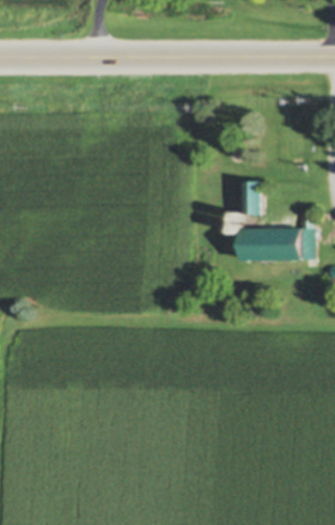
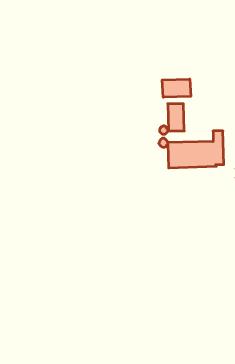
building: none -> [162,79,191,97]

